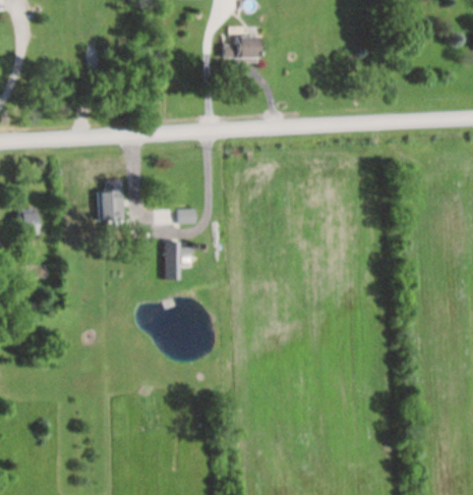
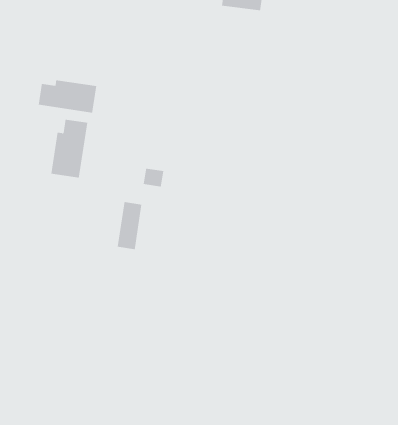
building: none -> [38,80,97,113]

